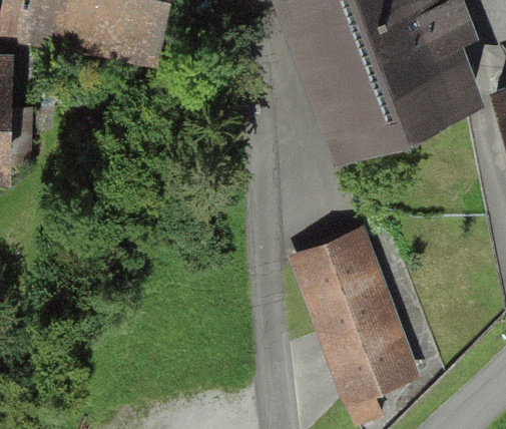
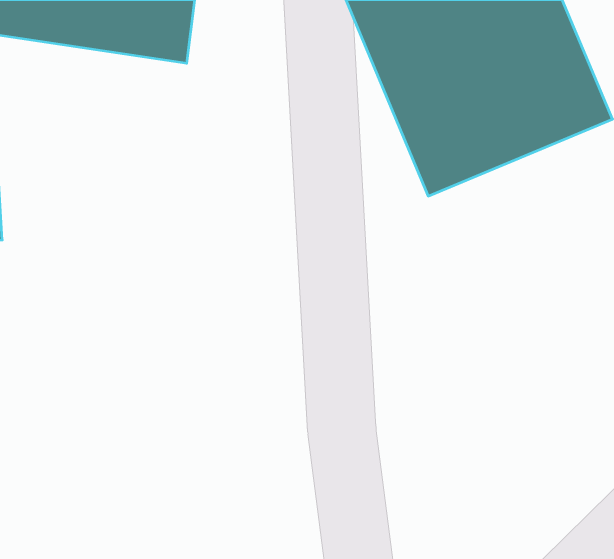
building: [290,227,425,401] -> none

